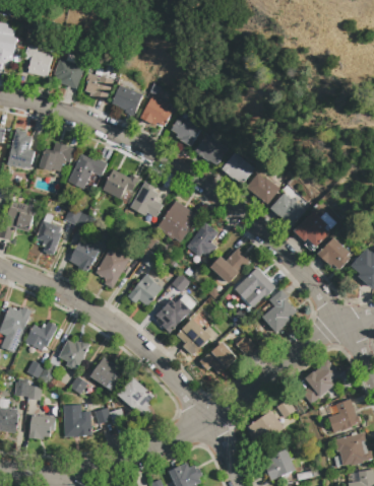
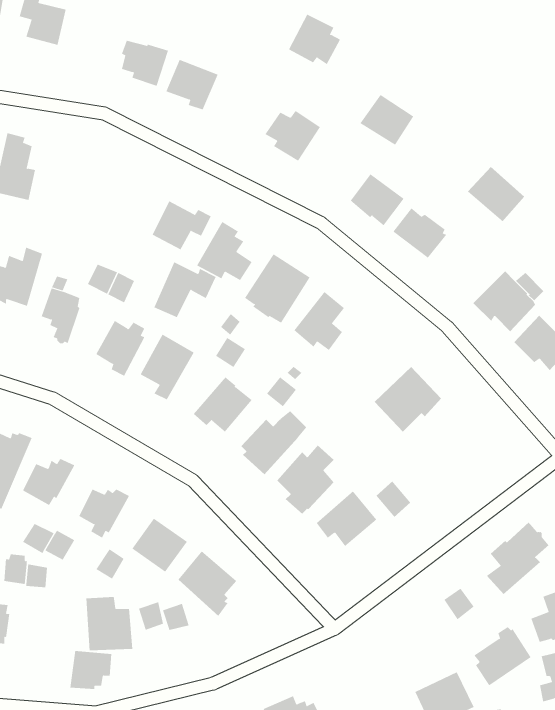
building: [52,58,83,88] -> none
building: [140,95,172,126] -> [288,14,341,65]
building: [194,134,227,164] -> [360,94,414,145]
building: [40,142,74,171] -> none
building: [69,153,107,187] -> [153,261,217,318]
building: [270,192,305,225] -> [467,166,525,222]
building: [211,248,251,283] -> none
building: [261,289,296,333] -> none
building: [248,409,283,444] -> [474,626,532,686]
building: [28,415,54,438] -> [69,650,112,690]

